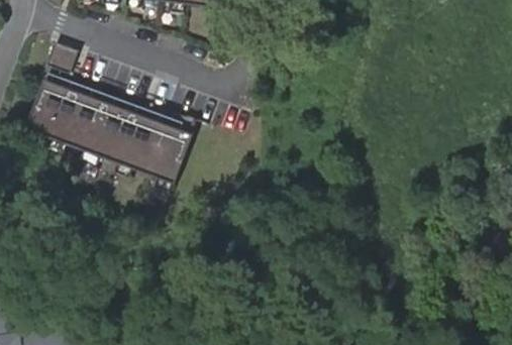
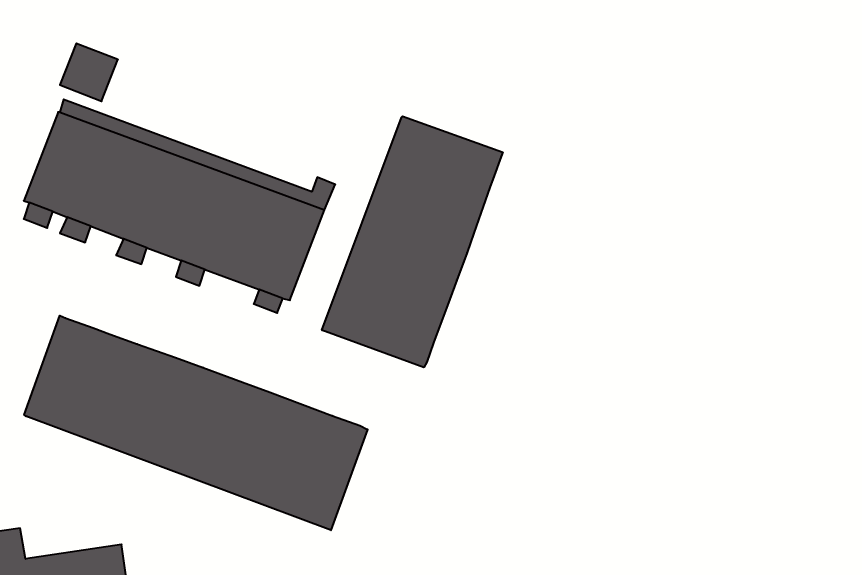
building: none -> [322,116,503,367]
building: none -> [24,316,368,530]

